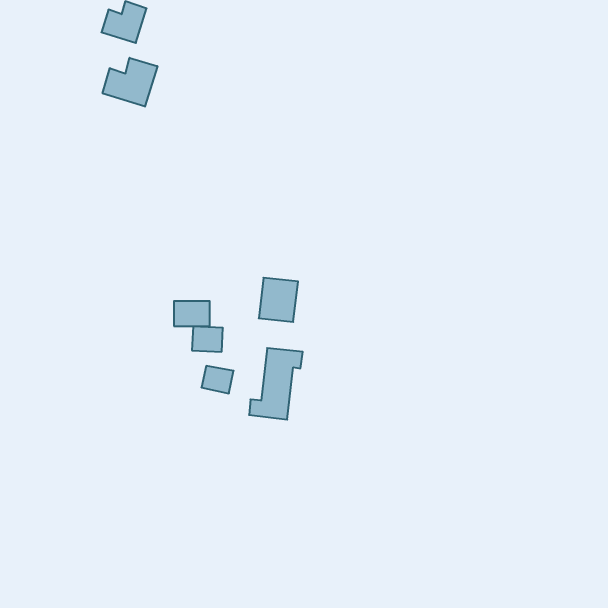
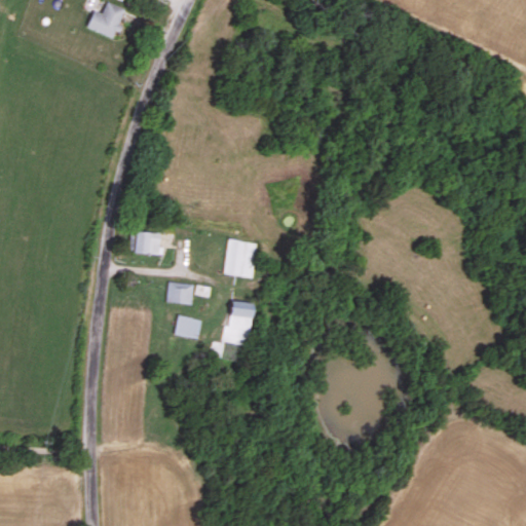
building: [103,58,157,107] -> none
building: [174,301,210,326] -> [130,232,161,254]

